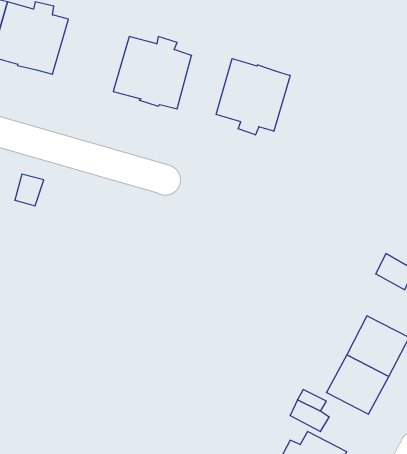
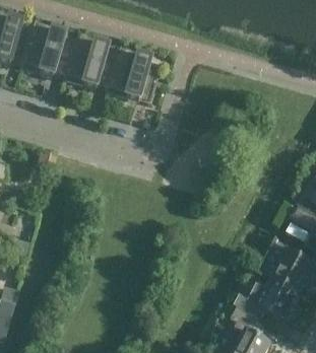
building: none -> [63,40,117,90]
building: [216,59,290,135] -> none

